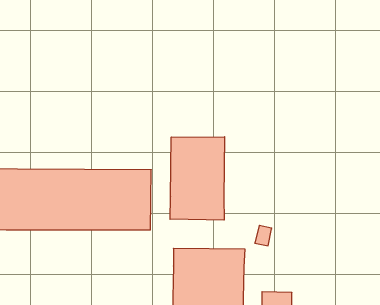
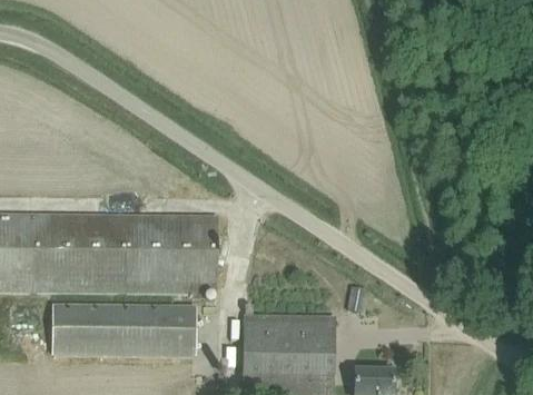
building: [170,137,225,220] -> none
building: none -> [52,303,195,355]

